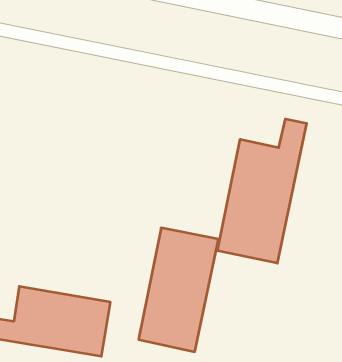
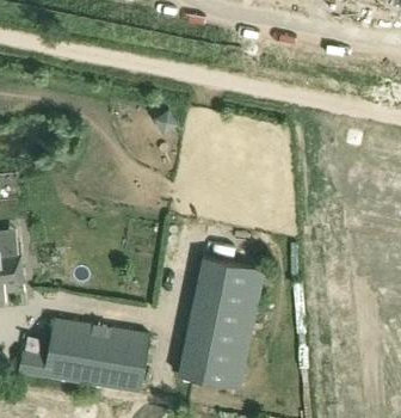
building: [218,119,307,263] -> none

